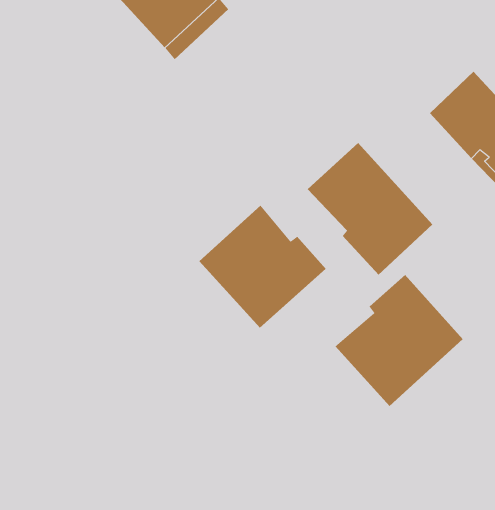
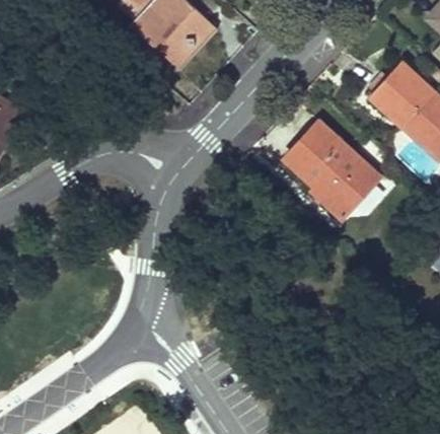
building: [198,205,327,329] -> none
building: [334,274,463,407] -> none

